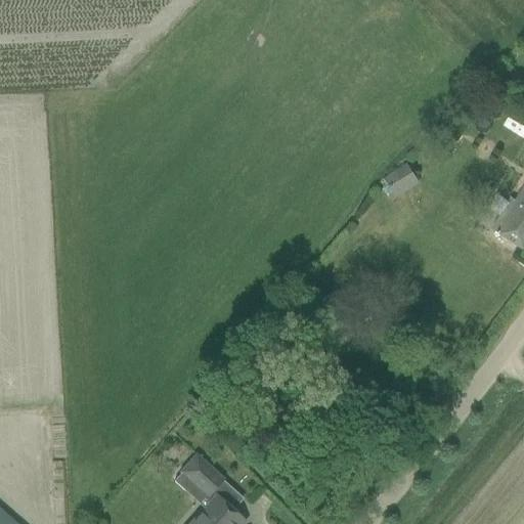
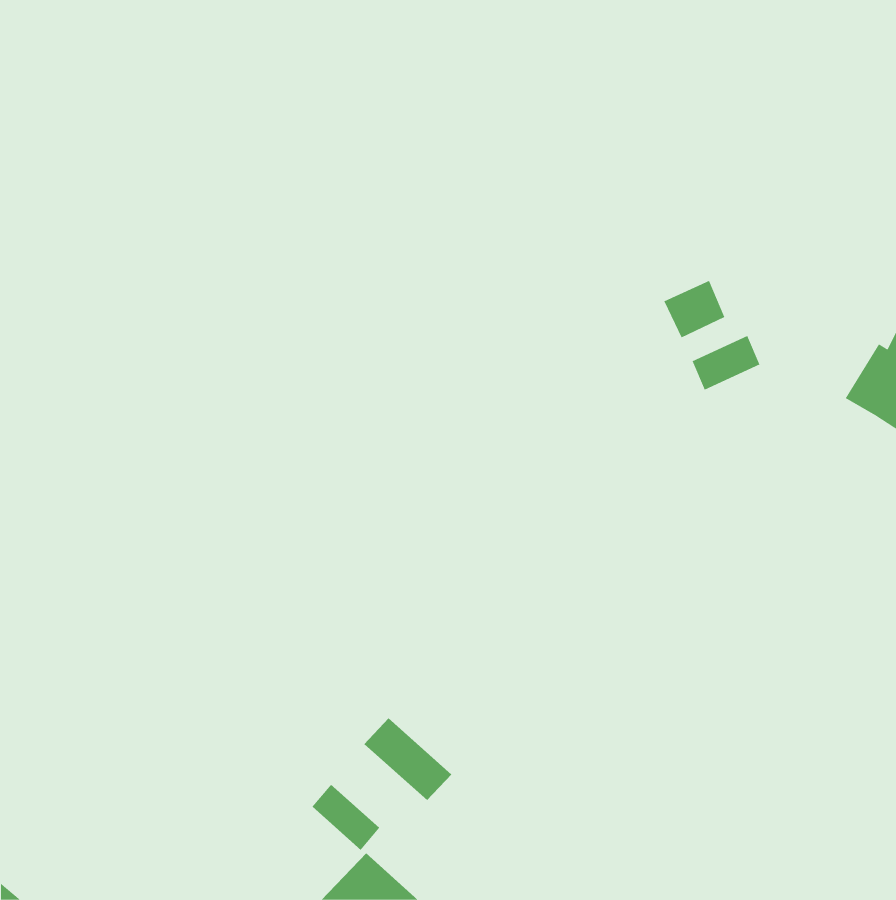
building: none -> [692,335,760,390]
building: none -> [364,718,452,801]

